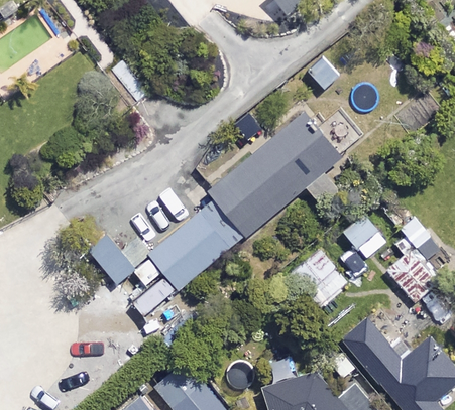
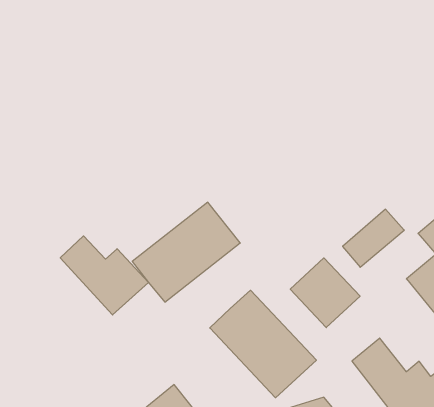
building: [209,115,340,237] -> none
building: none -> [210,290,316,398]

